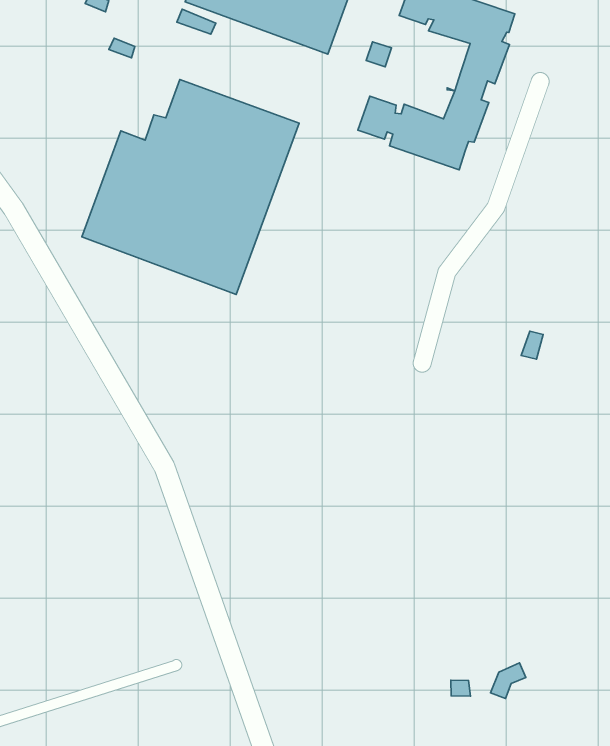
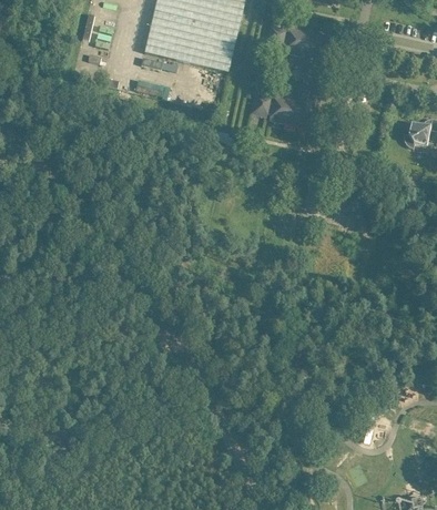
building: [82,80,299,294] -> none

